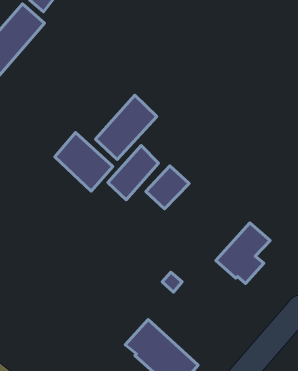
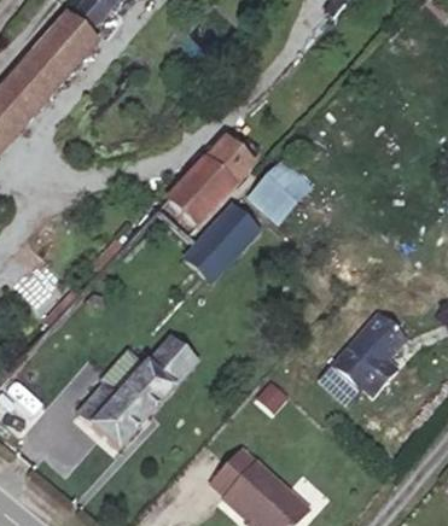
building: [55,132,113,191] -> none
building: [146,166,189,209] -> [249,158,308,217]
building: none -> [78,339,194,448]

